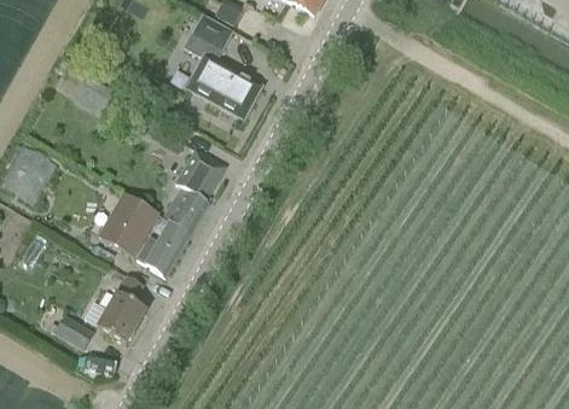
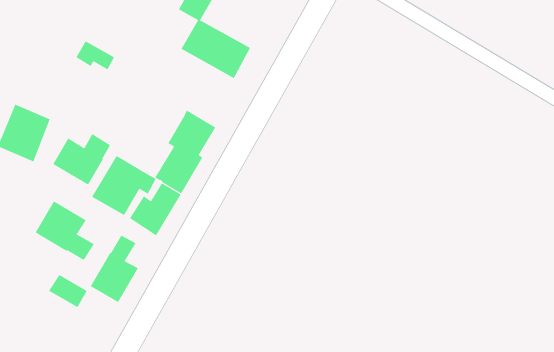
building: none -> [52,133,111,185]
building: none -> [35,201,94,261]

